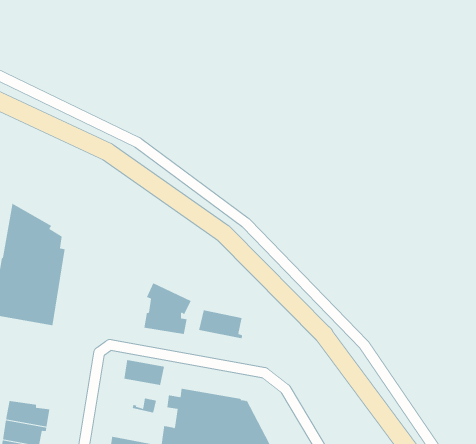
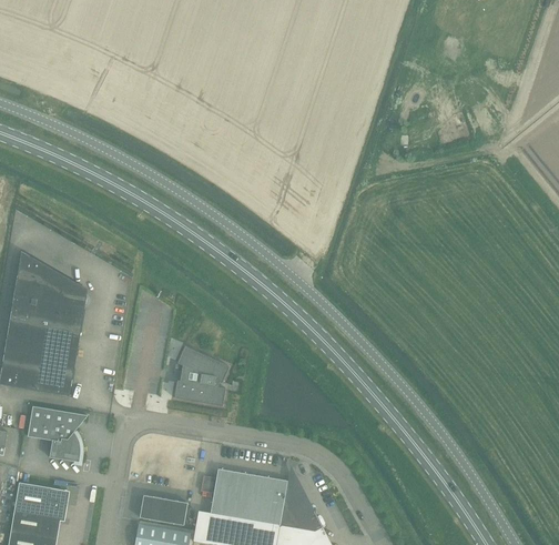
building: [199,310,243,339] -> none
building: none -> [28,406,88,464]
building: [124,360,165,386] -> [140,495,187,525]

